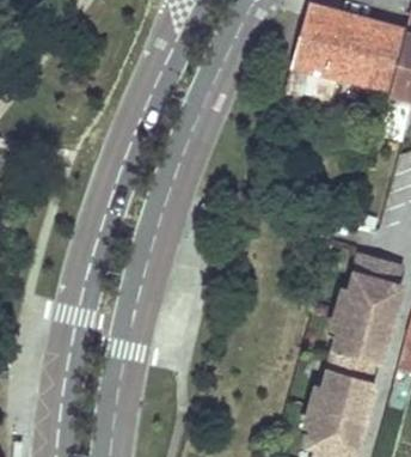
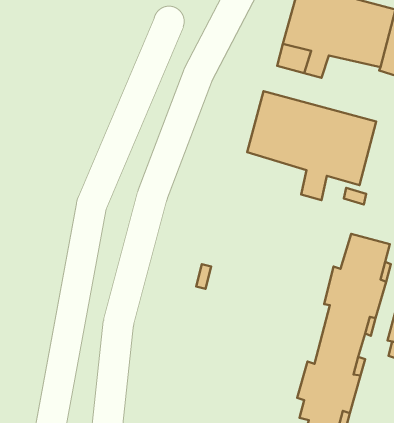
building: none -> [247,91,376,200]

